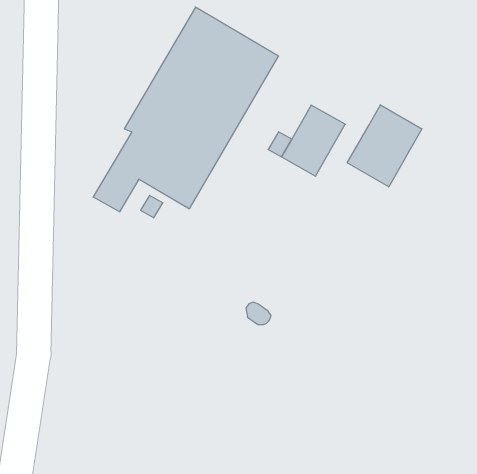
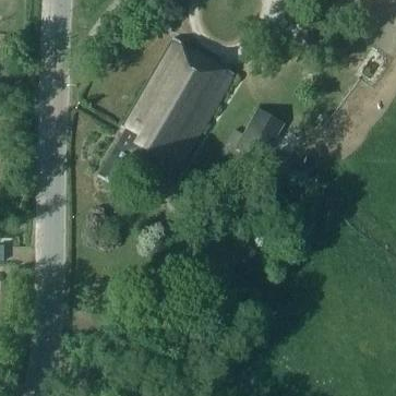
building: [347,105,422,187] -> none

